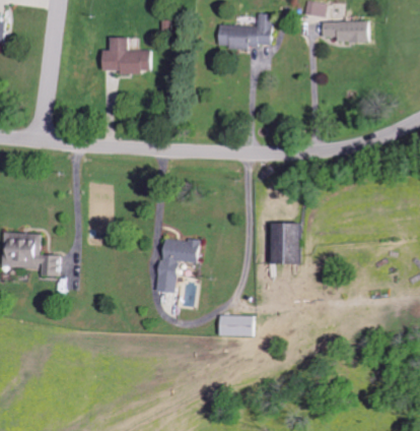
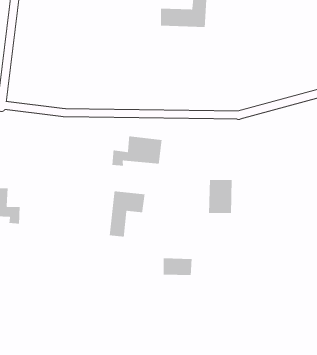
building: [321,20,369,43] -> none
building: [100,37,149,72] -> none
building: none -> [111,135,162,166]

